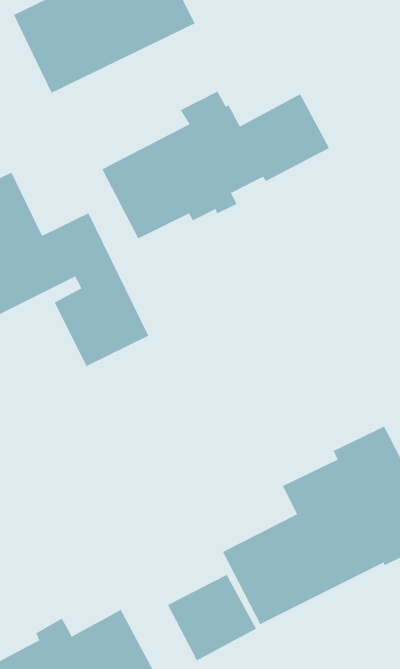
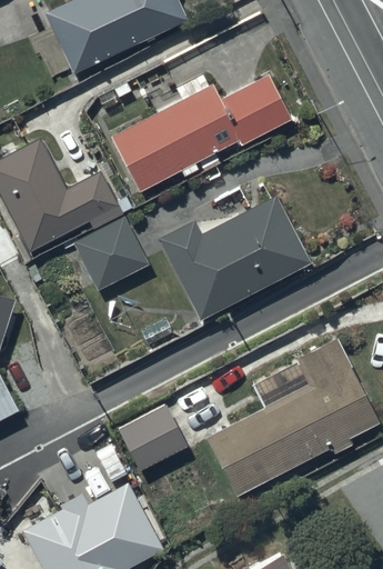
building: none -> [160,194,310,319]
building: [167,574,257,661] -> [118,403,189,472]

